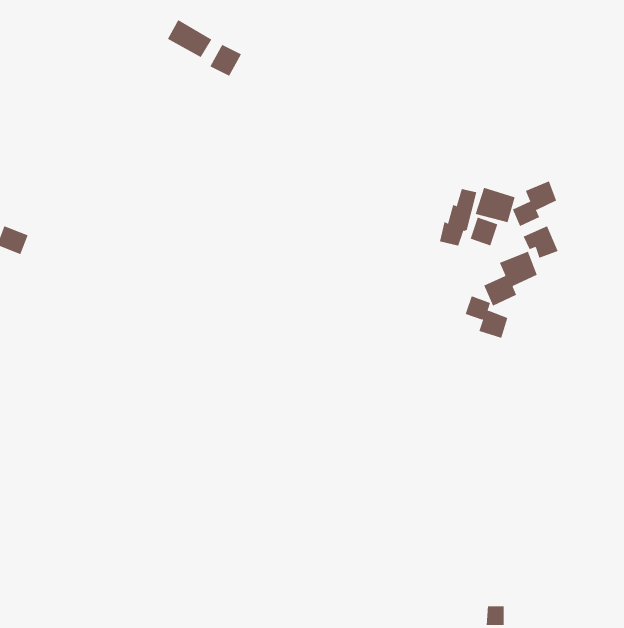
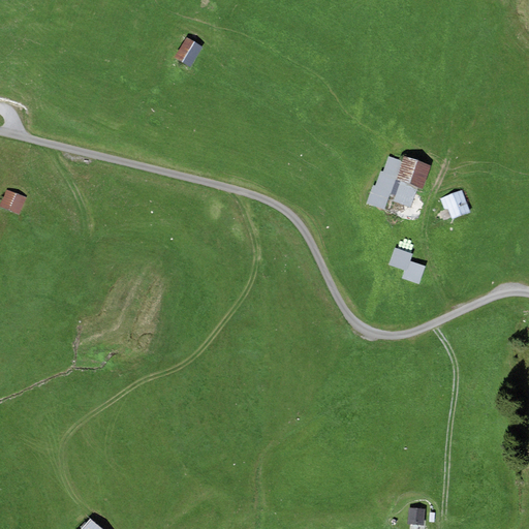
building: [167,19,212,58] -> none
building: [512,181,557,227] -> none
building: [484,251,537,306] -> none

